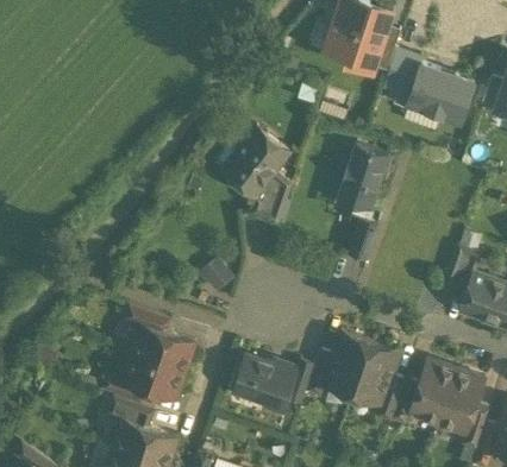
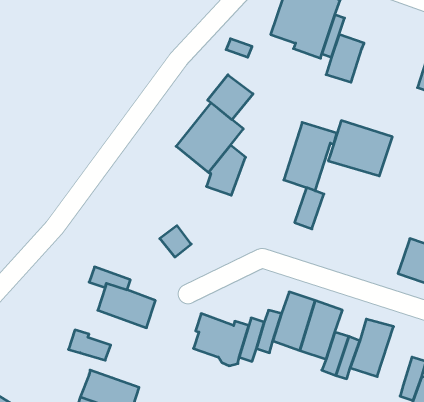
building: [408,63,478,124] -> [328,121,392,176]
building: none -> [208,75,253,120]
building: [445,244,483,292] -> none
building: [123,349,187,397] -> none
building: [439,367,486,431] -> none
building: [107,396,154,423] -> none

